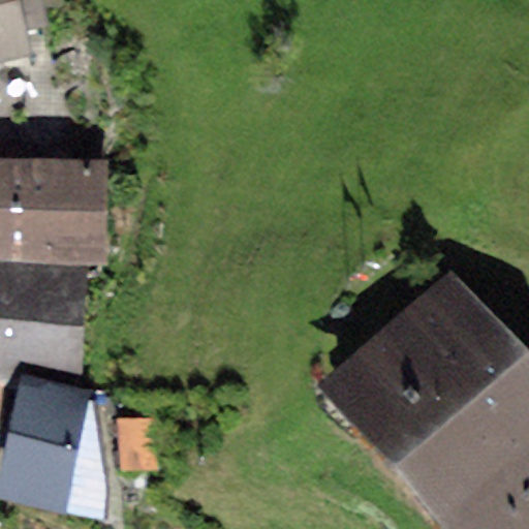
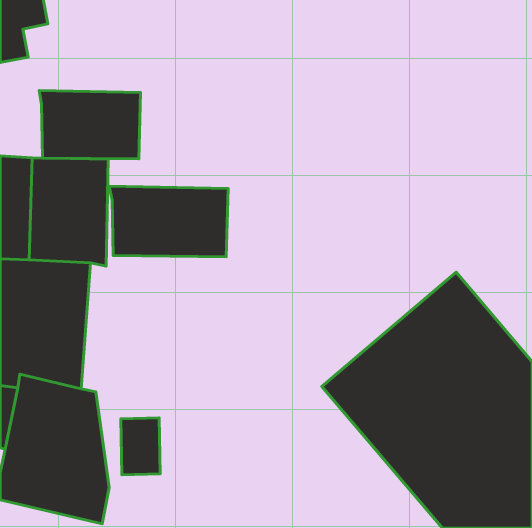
building: none -> [39,91,141,159]
building: none -> [109,186,228,257]

